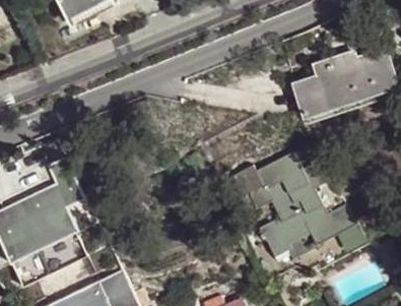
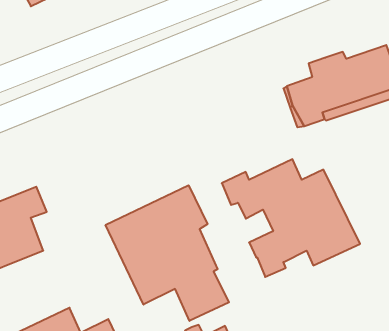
building: none -> [106,185,229,321]

